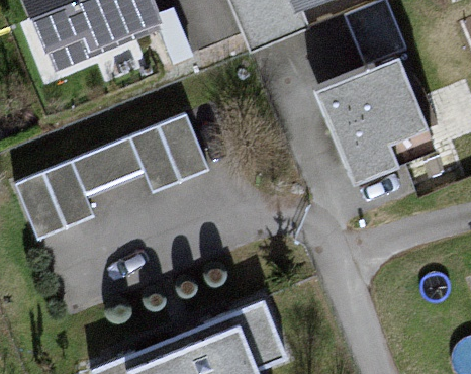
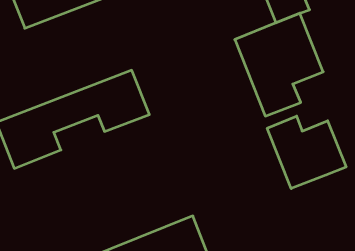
building: none -> [267,116,346,189]

